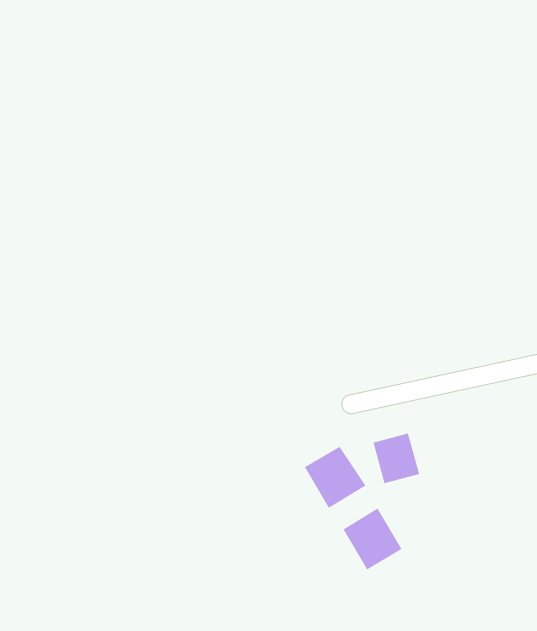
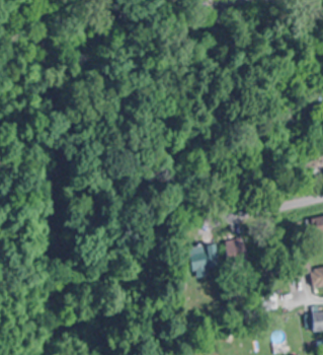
building: [342,508,402,570] -> none

